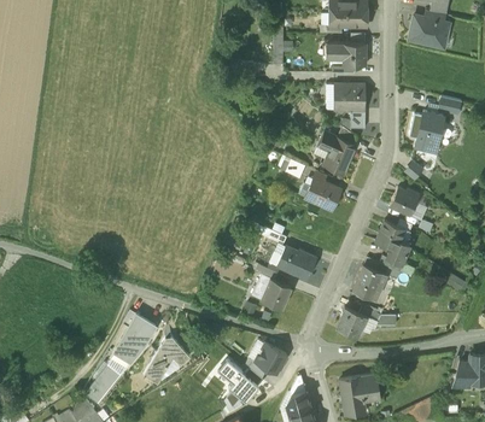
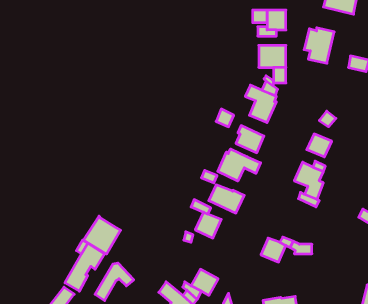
building: [409,111,444,152] -> [304,28,334,63]
building: none -> [218,149,261,181]
building: [352,264,386,297] -> none
building: none -> [83,216,121,254]

